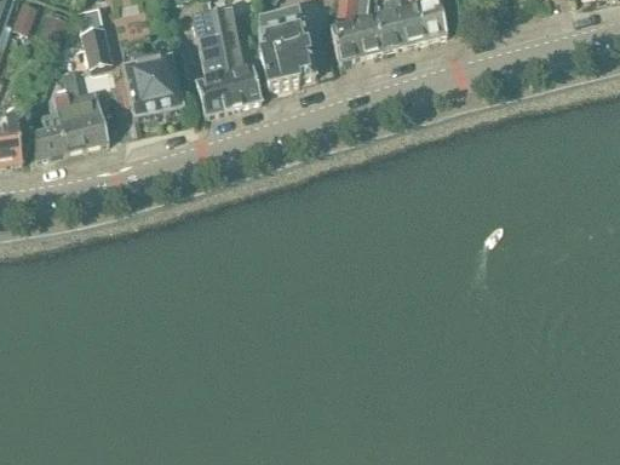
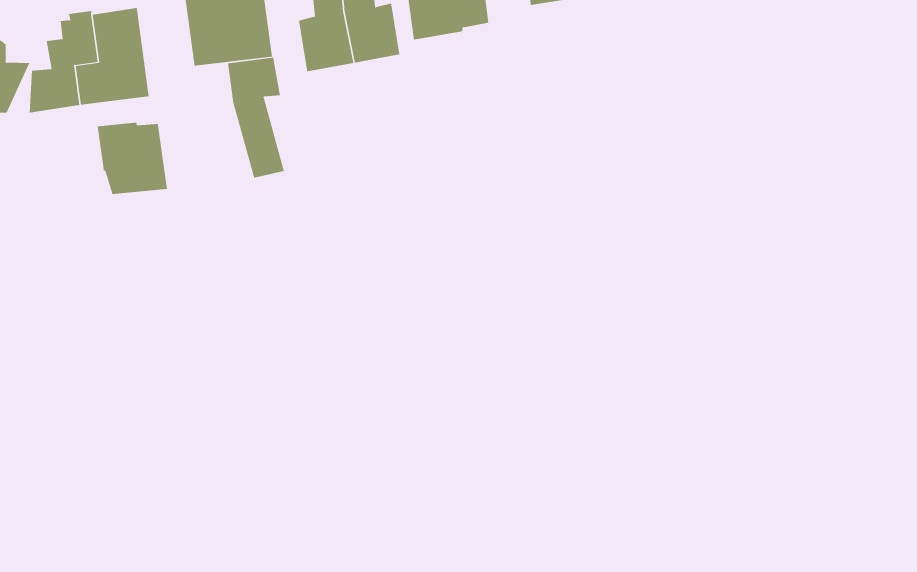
building: none -> [227,57,284,178]
building: none -> [97,122,168,195]

